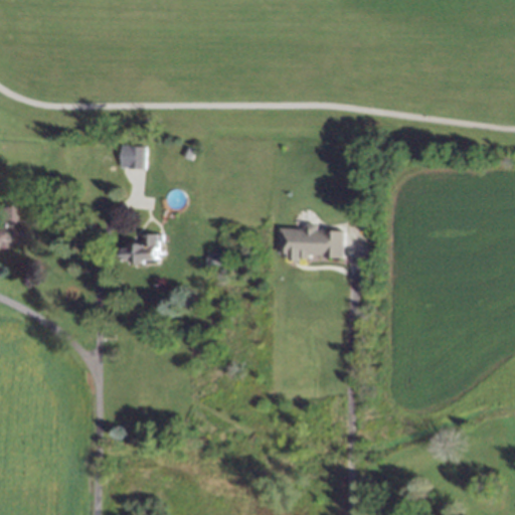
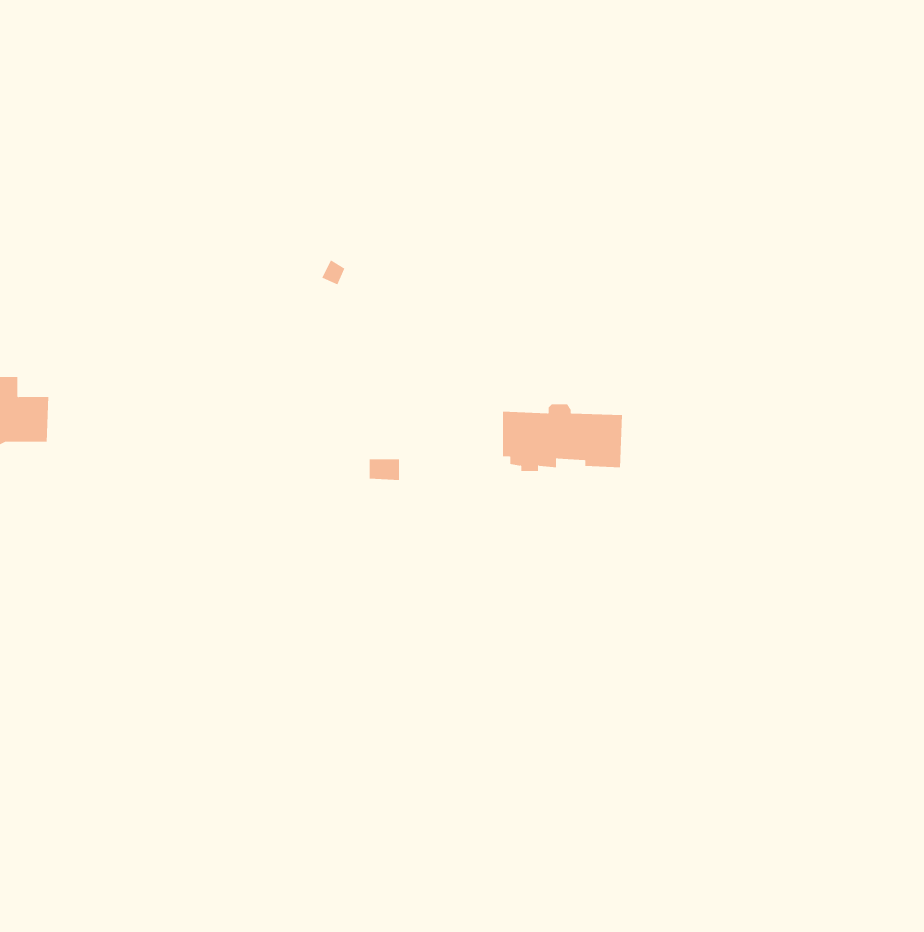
building: [125,146,144,169] -> none
building: [120,234,160,265] -> none

